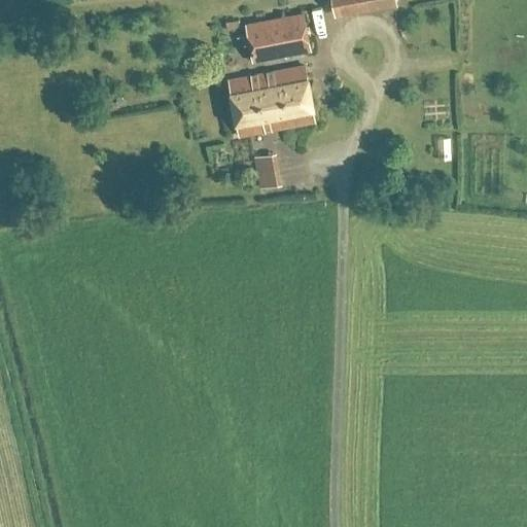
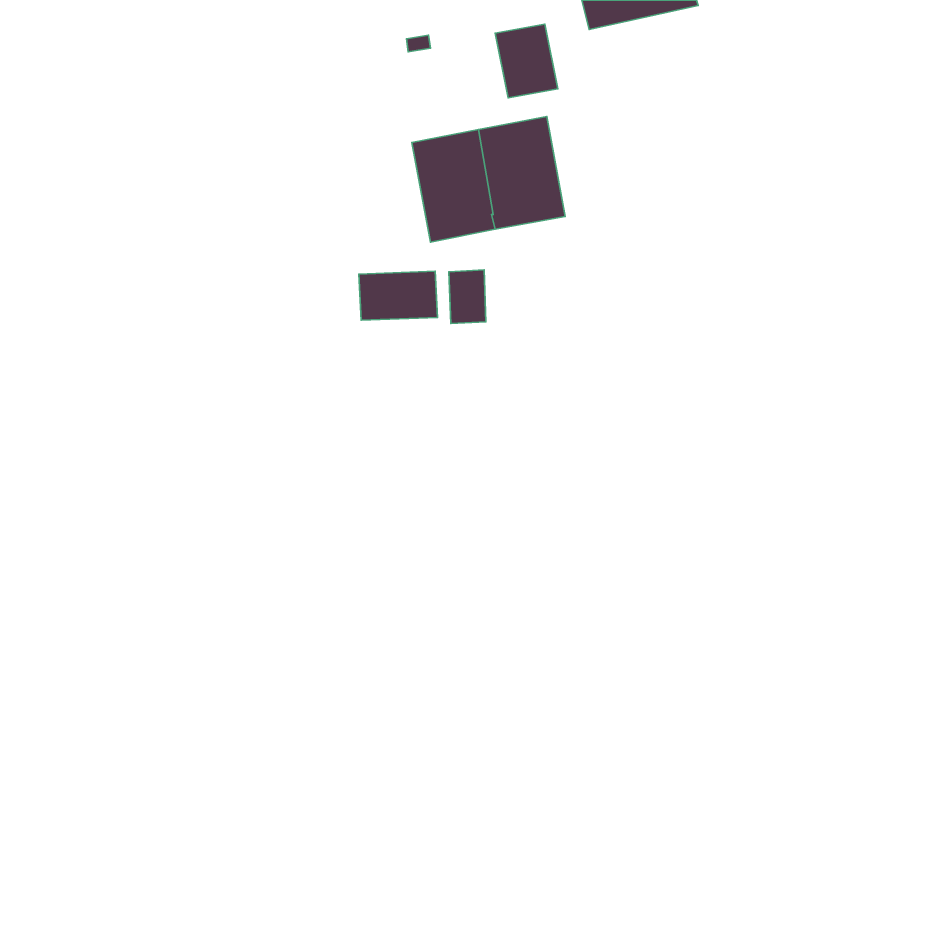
building: [247,20,283,62] -> none
building: none -> [359,271,438,320]

